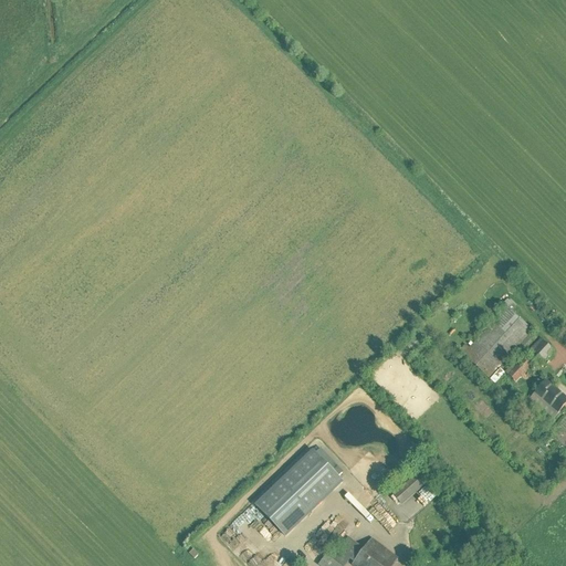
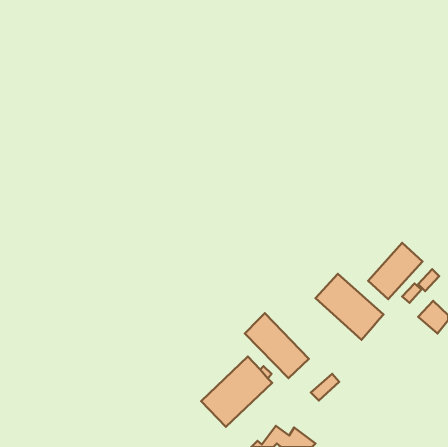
building: none -> [316,274,383,340]
building: none -> [245,313,309,378]

